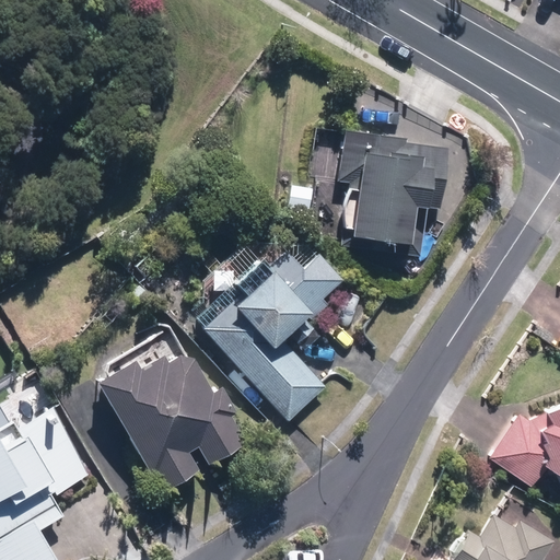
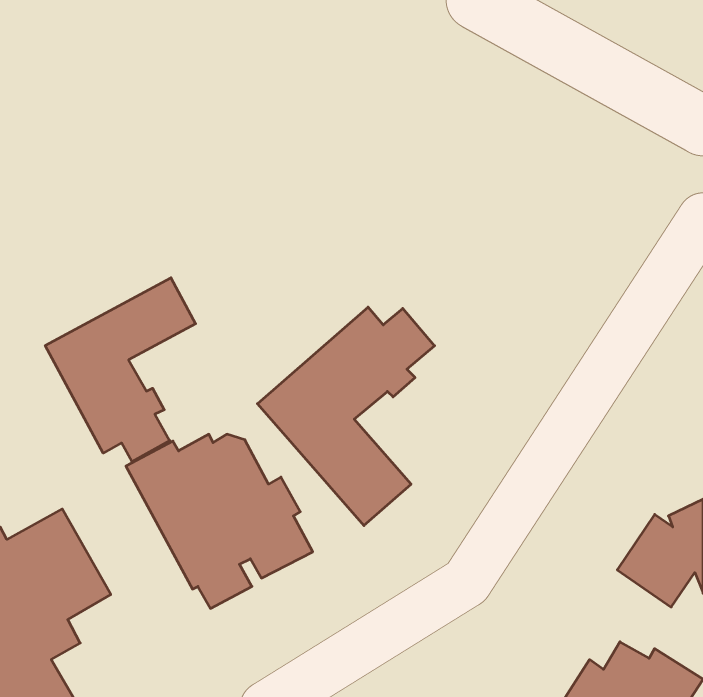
building: [337,131,446,259] -> none
building: none -> [45,278,196,461]

